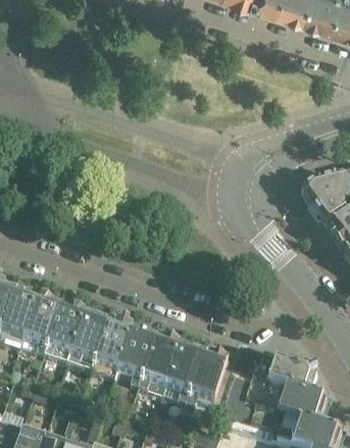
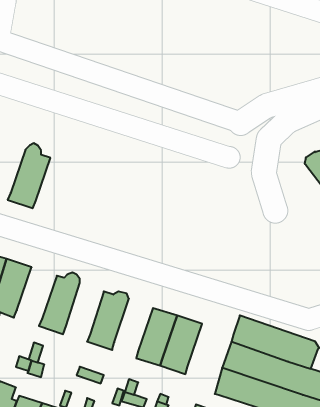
building: [18,291,60,354] -> [8,143,50,208]
building: [66,312,106,369] -> none
building: [116,328,154,386] -> none
building: [181,351,233,421] -> none

